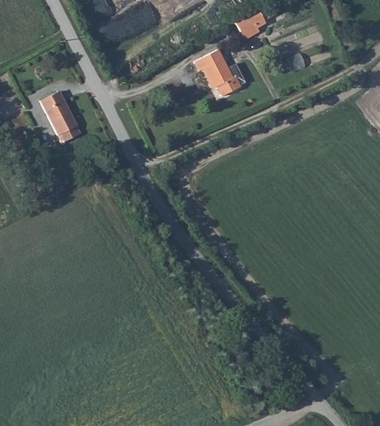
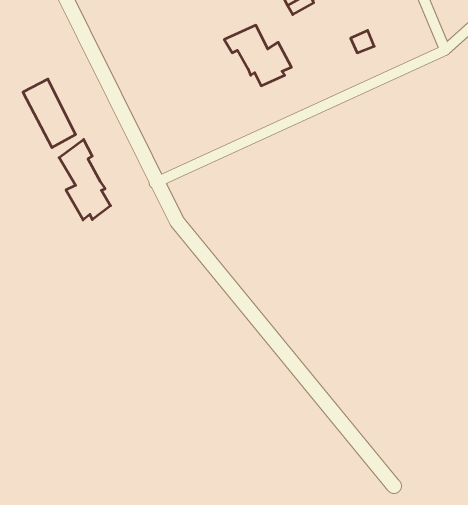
building: none -> [59,139,111,220]

